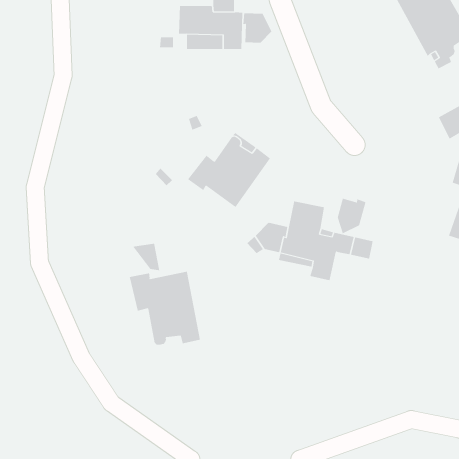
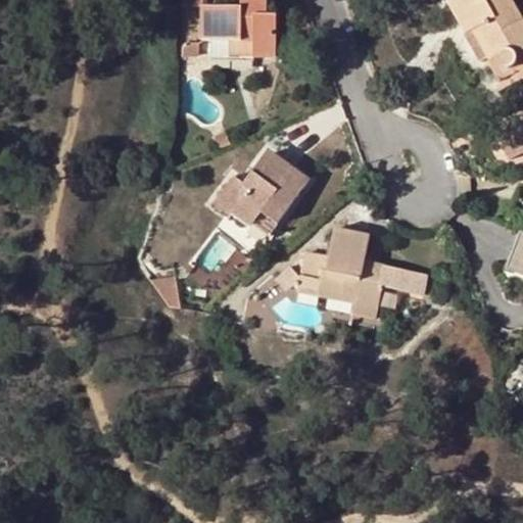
building: [243,13,272,44] -> none
building: [337,198,366,234] -> none
building: [129,271,201,346] -> none

